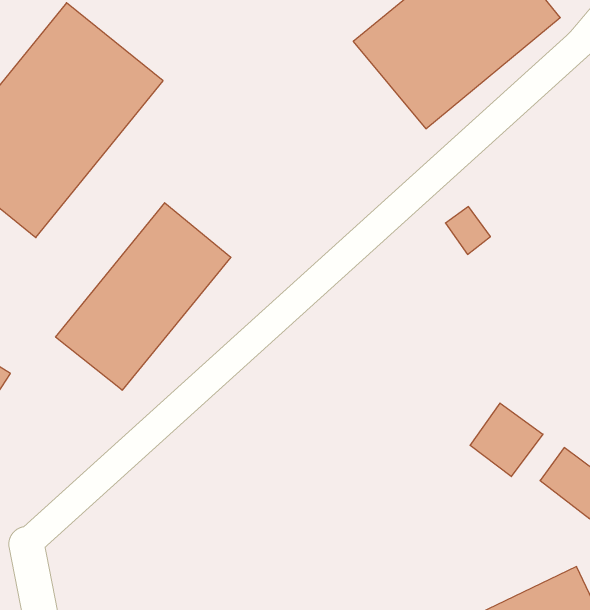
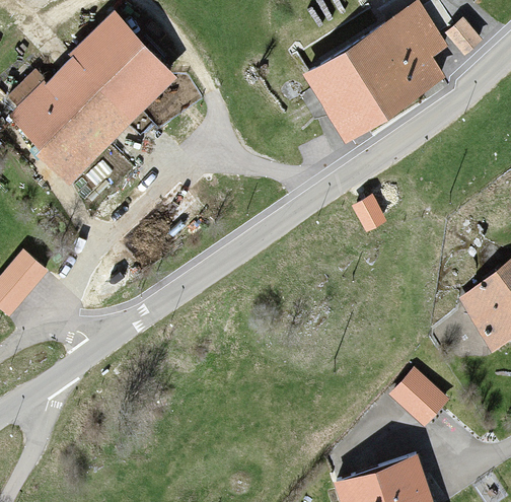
building: [56,203,231,390] -> none
building: [470,403,543,477] -> none

